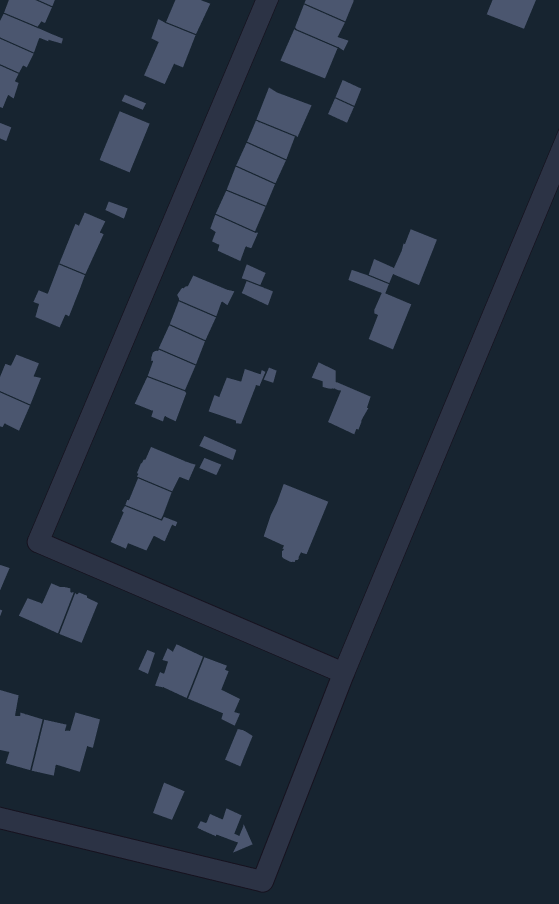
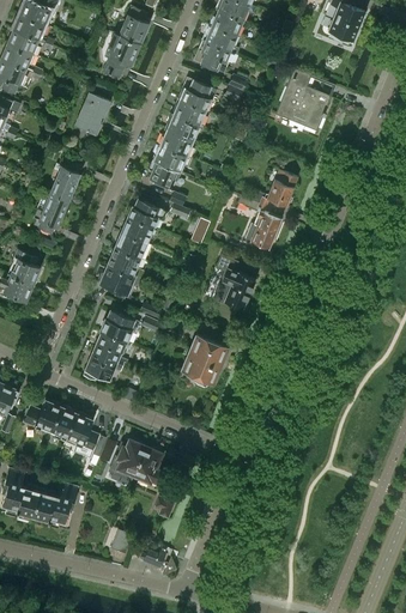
building: none -> [274,72,329,131]
building: [208,368,266,425] -> none
building: none -> [65,413,96,451]

